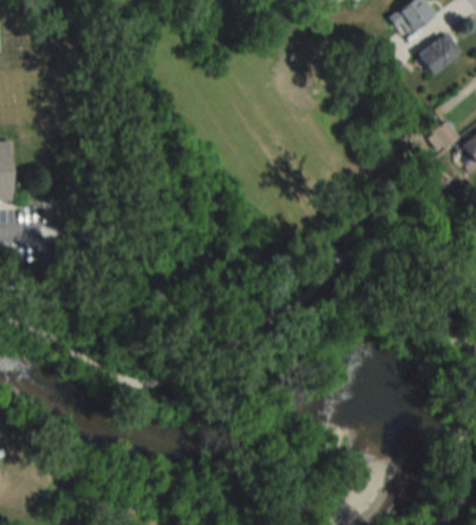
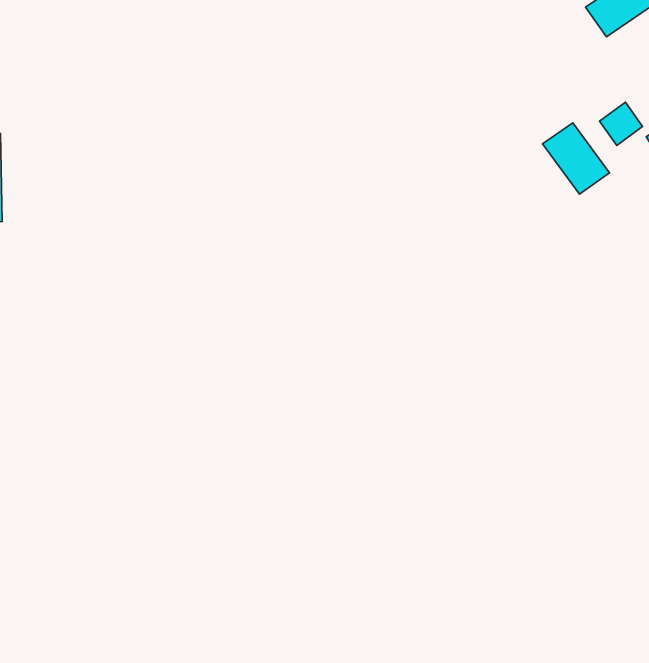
building: none -> [543,123,610,194]

